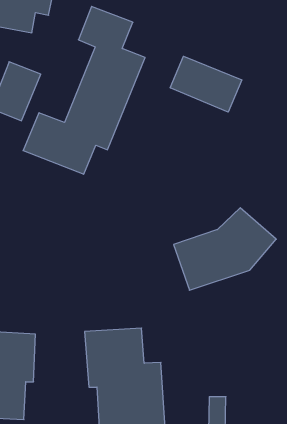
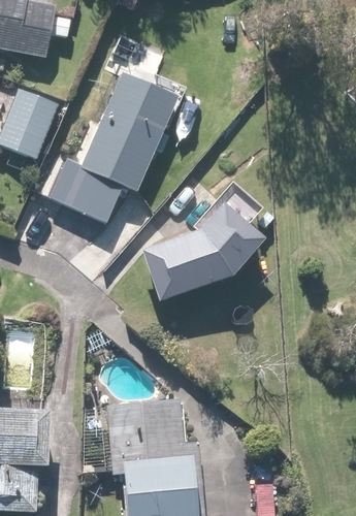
building: [170,56,242,112] -> none
building: [174,208,276,290] -> [144,202,265,299]

